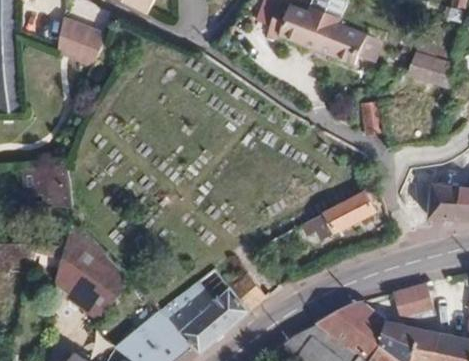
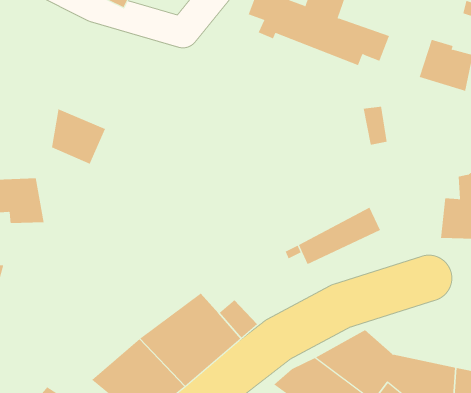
building: [56,17,105,67] -> [51,109,106,164]
building: [53,223,128,322] -> none
building: [392,283,435,322] -> none

